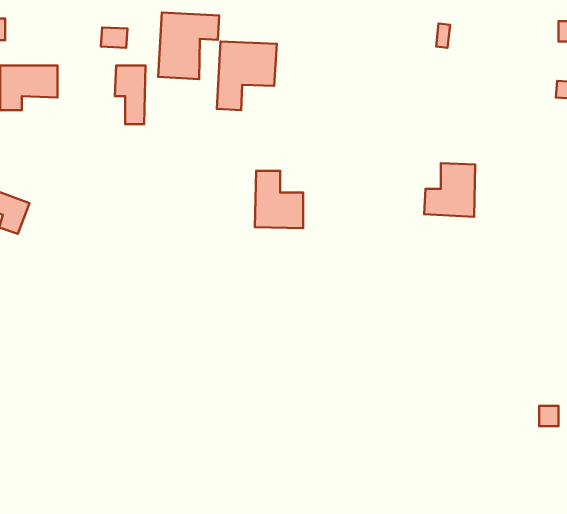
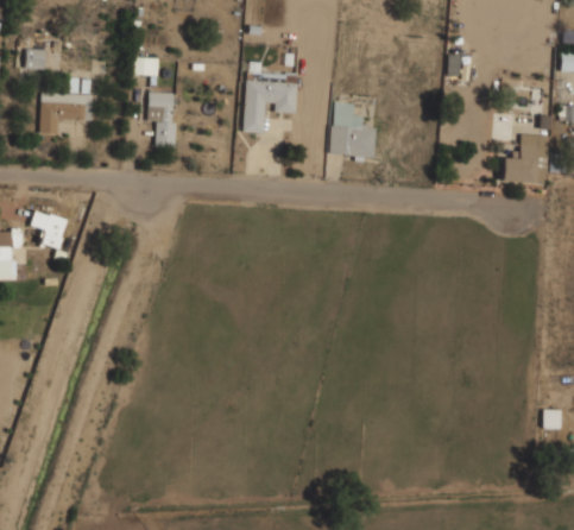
building: [158,12,219,79] -> none
building: [424,163,475,217] -> [502,134,549,184]
building: [255,171,303,228] -> [330,103,376,157]

